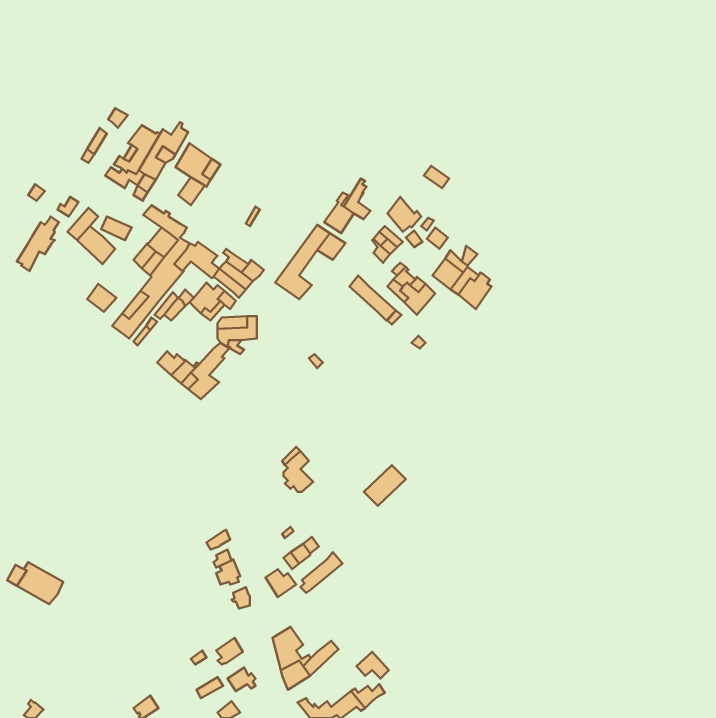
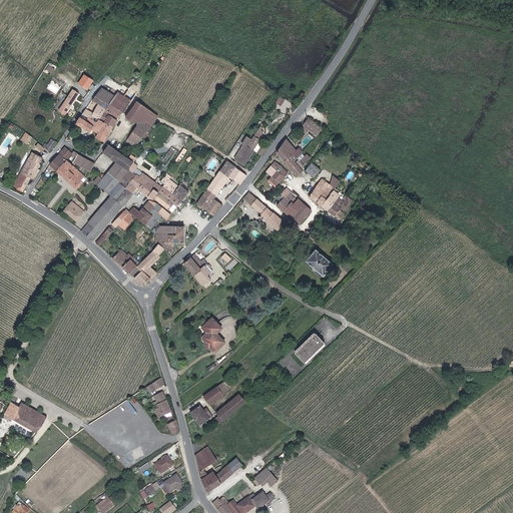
building: none -> [305,248,332,276]
building: none -> [183,250,208,286]
building: [364,465,406,506] -> [295,334,325,363]

